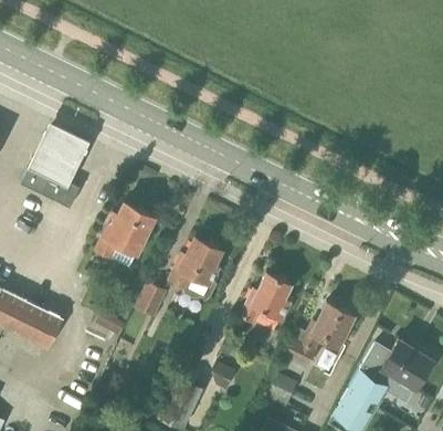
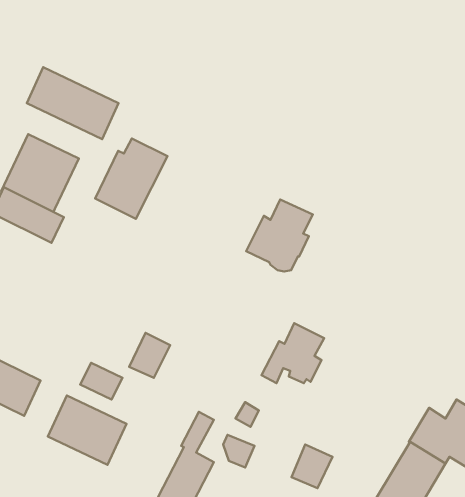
building: none -> [27,67,119,139]
building: [95,203,154,269] -> [95,138,167,219]
building: [167,239,221,297] -> [246,199,313,272]
building: [281,304,354,377] -> none
building: none -> [48,395,127,465]

